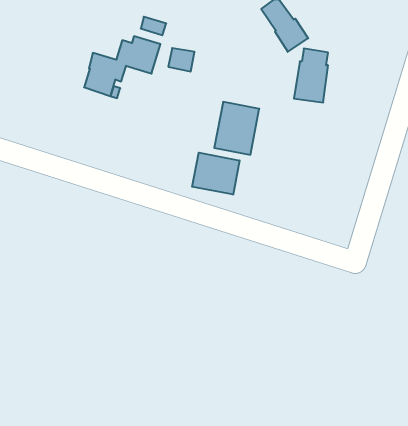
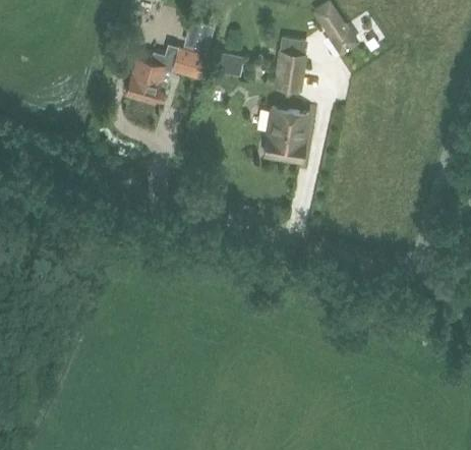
building: [294,49,328,102] -> [272,36,307,92]
building: [192,153,240,195] -> none

